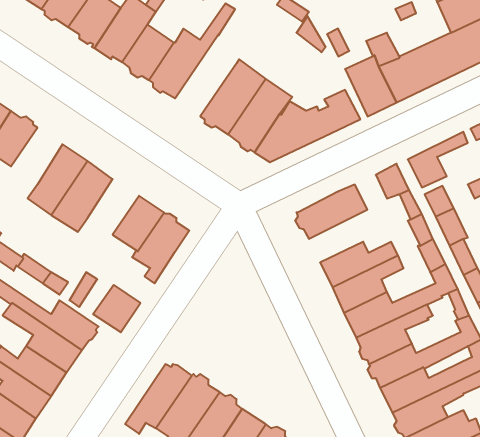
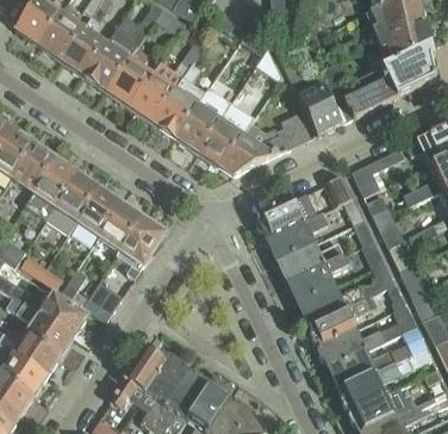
building: none -> [153,66,205,137]
building: none -> [12,145,56,194]
building: none -> [77,190,122,237]
building: none -> [267,213,328,261]

